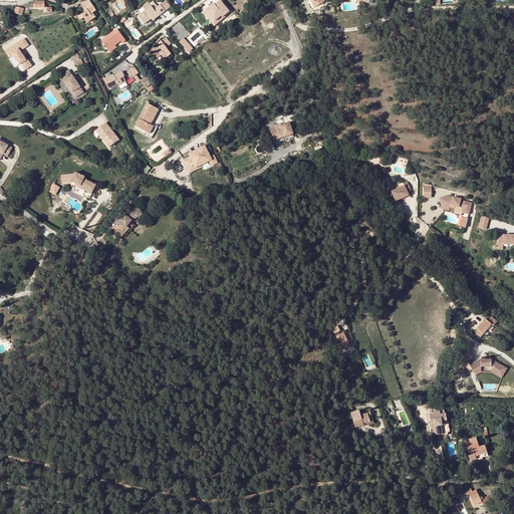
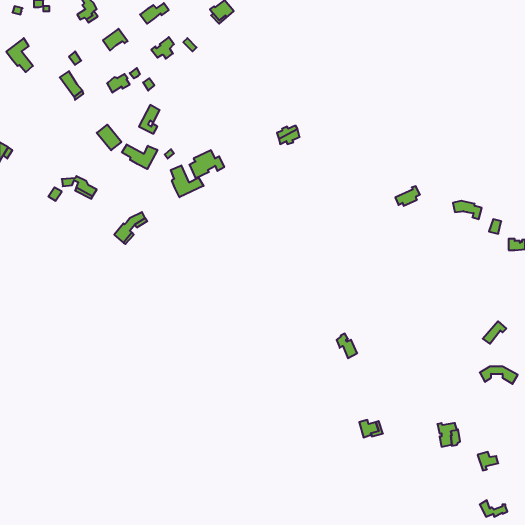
building: none -> [122,144,157,169]
building: none -> [171,165,204,197]

